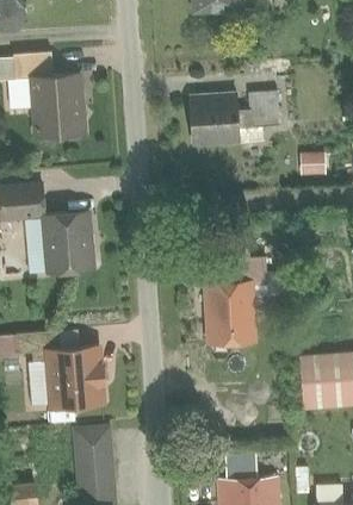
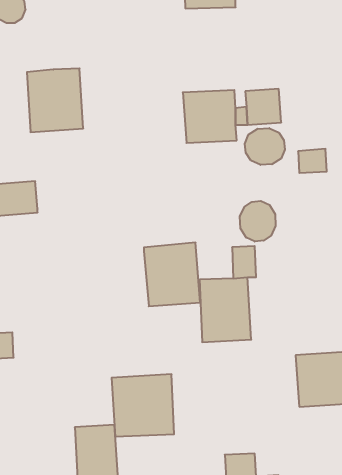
building: [13,52,56,77] -> none
building: none -> [245,128,285,165]
building: none -> [240,201,276,242]
building: [41,207,97,270] -> [144,243,200,306]
building: [44,345,106,407] -> [112,374,174,437]

